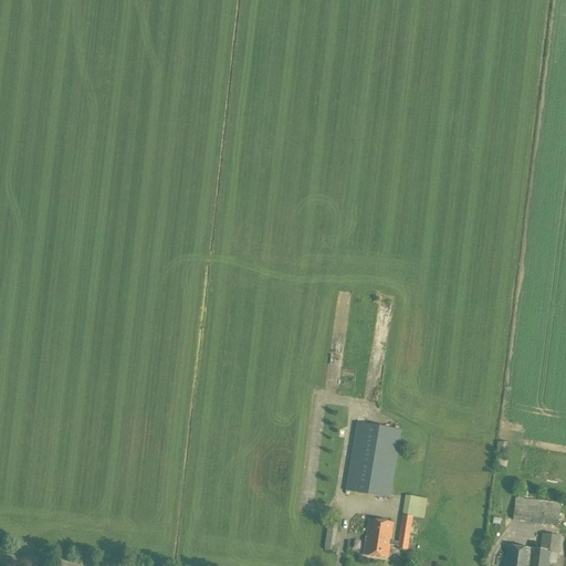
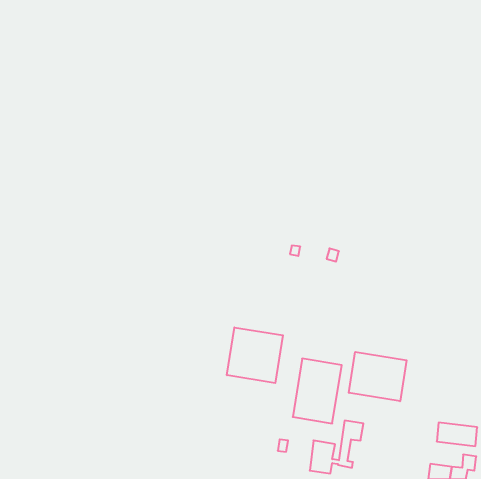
building: none -> [227,327,283,383]
building: none -> [349,352,407,401]

